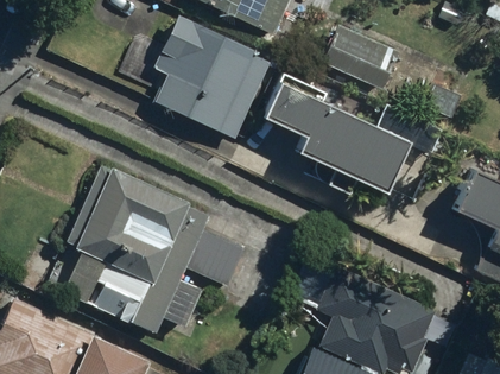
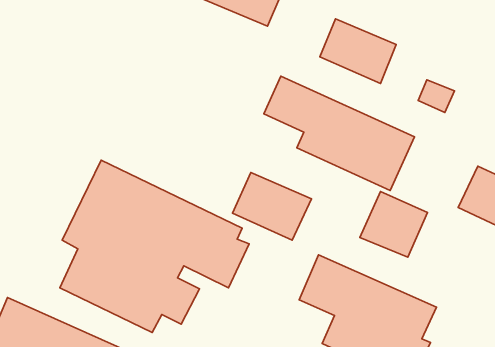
building: [152,14,271,140] -> none
building: none -> [232,172,311,240]
building: none -> [360,192,428,257]

